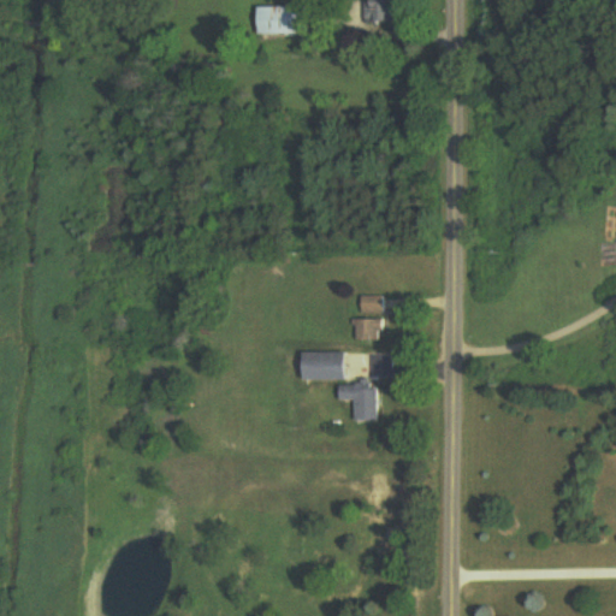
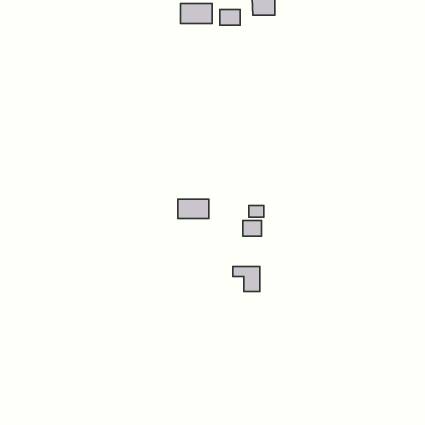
building: none -> [220,9,240,25]
building: [301,351,345,379] -> [178,199,209,218]

